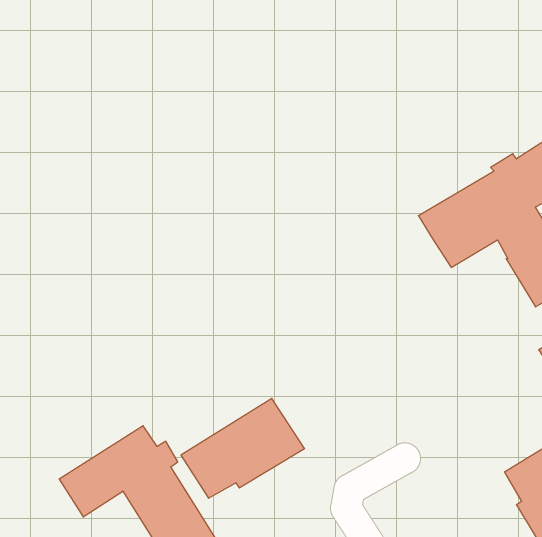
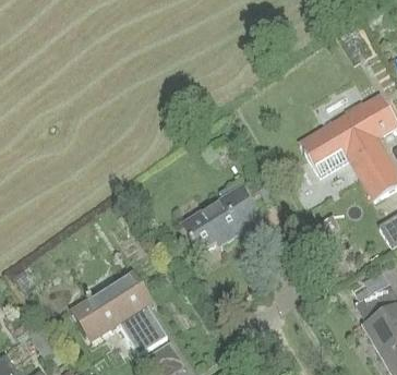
building: [181,398,305,498] -> [181,188,260,251]

